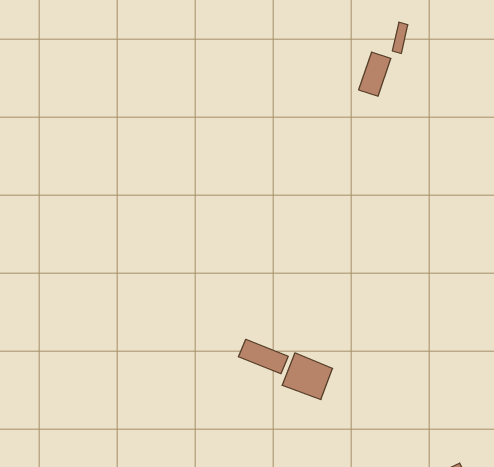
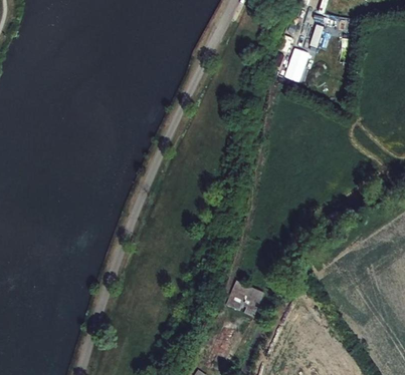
building: [239,339,288,374] -> none

